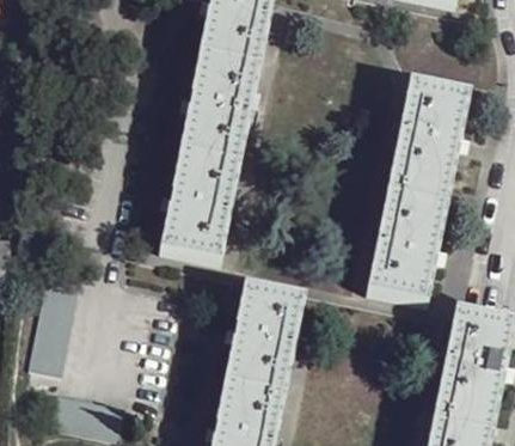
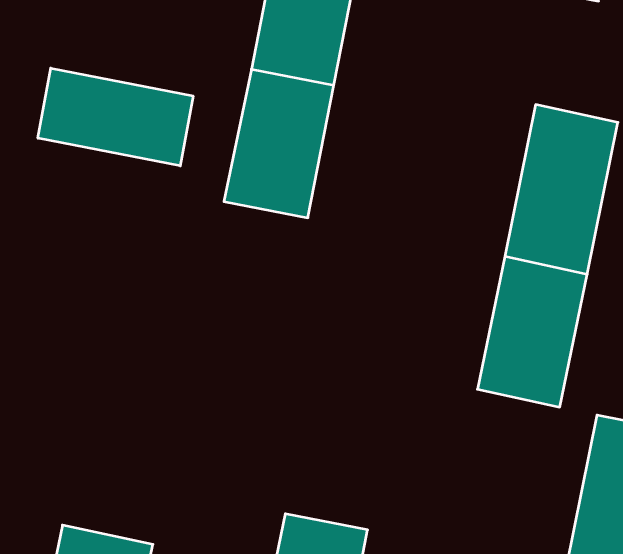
building: none -> [38,68,193,166]
building: [159,154,240,264] -> none
building: [29,286,80,377] -> none
building: [223,288,305,397] -> none

